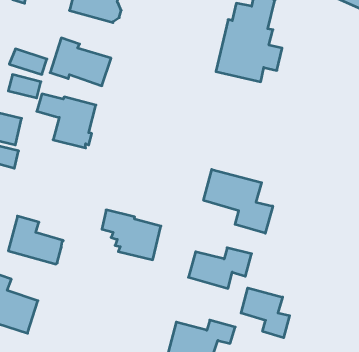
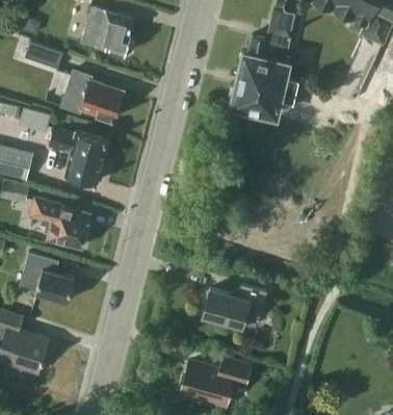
building: [9,49,47,74] -> [24,43,62,69]
building: [204,169,273,233] -> none
building: [102,210,161,260] -> [30,197,90,248]
building: [241,288,290,338] -> none

